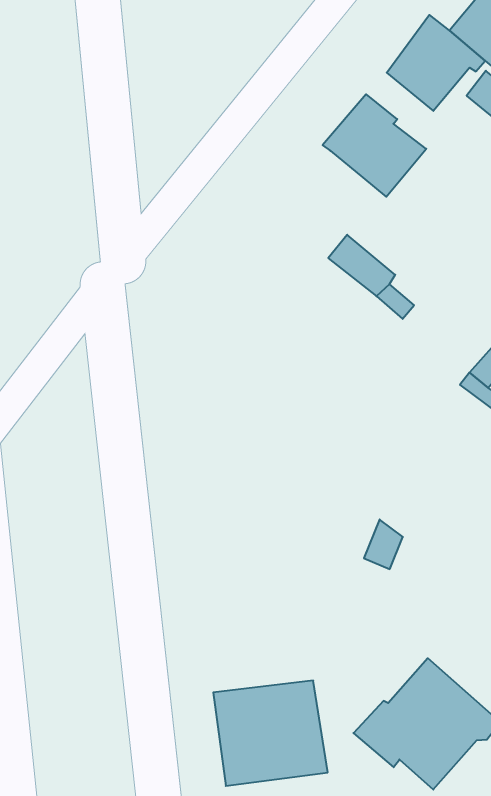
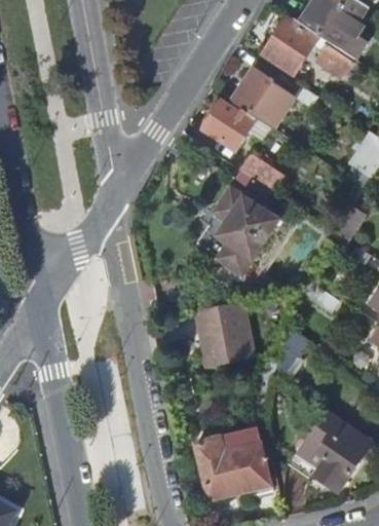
building: none -> [203,101,257,150]
building: none -> [196,189,277,274]
building: none -> [191,303,244,368]

